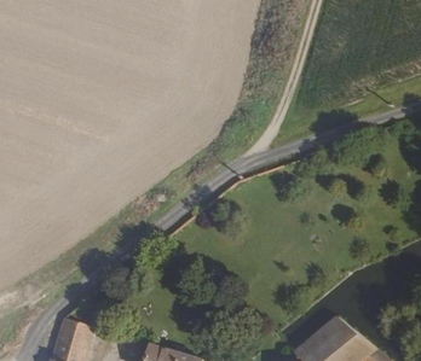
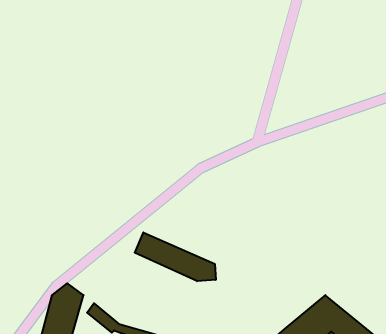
building: none -> [135,232,216,281]

